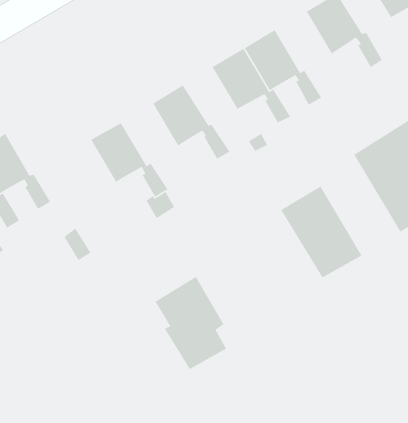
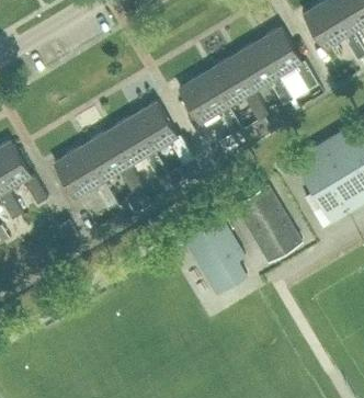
building: none -> [230,43,294,104]
building: none -> [105,117,169,179]
building: none -> [54,147,118,209]
building: [154,276,227,370] -> [187,215,247,292]

